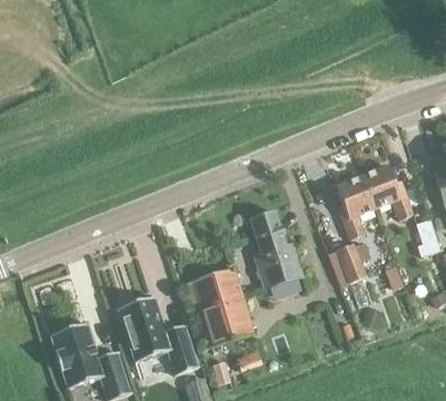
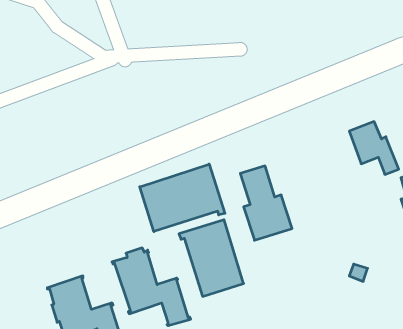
building: [336,174,375,237] -> none
building: none -> [140,164,225,232]
building: [328,243,367,286] -> none

